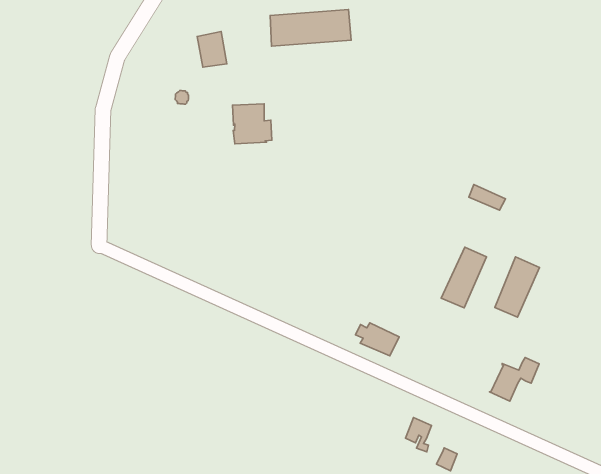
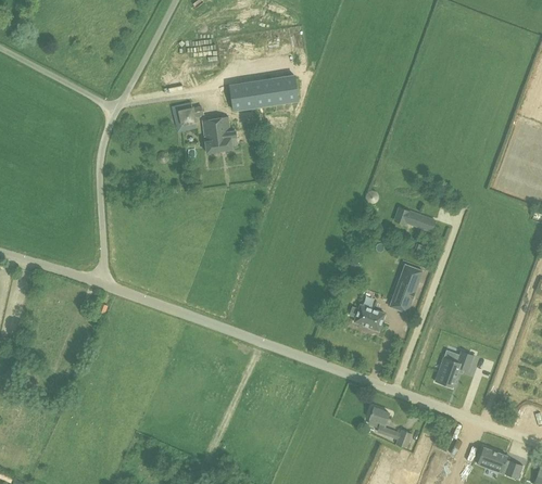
building: [232,104,272,144] -> [202,116,237,151]
building: [495,257,539,317] -> none
building: [356,323,399,356] -> [349,303,385,329]

